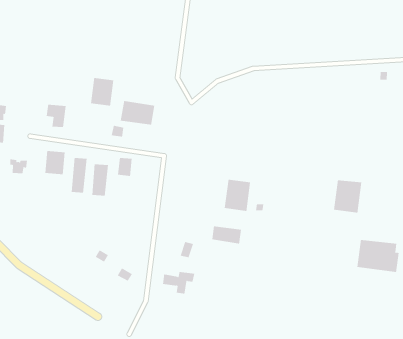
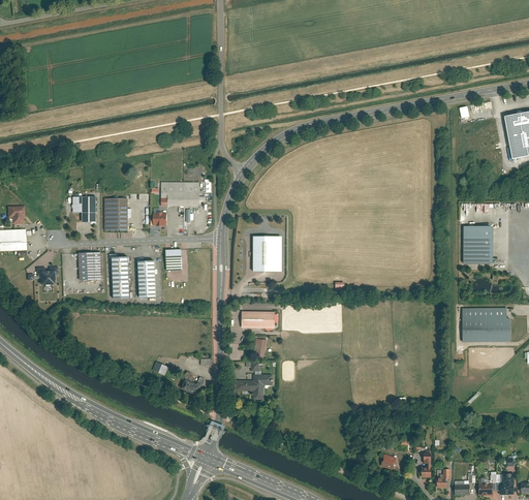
building: [90,78,114,106] -> [103,199,128,230]
building: [224,179,251,211] -> [253,236,281,271]
building: [333,180,362,213] -> [463,224,493,261]
building: [211,226,242,244] -> [240,310,274,327]

